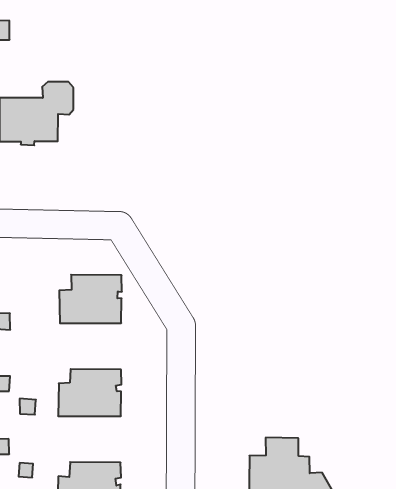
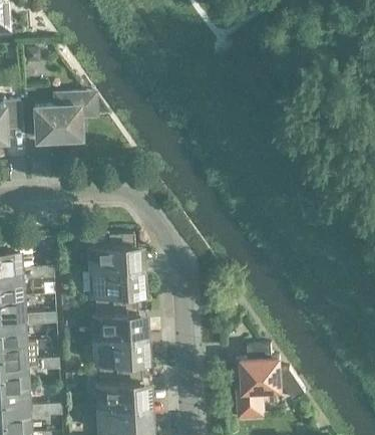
building: none -> [90,269,137,305]
building: none -> [93,338,141,374]

